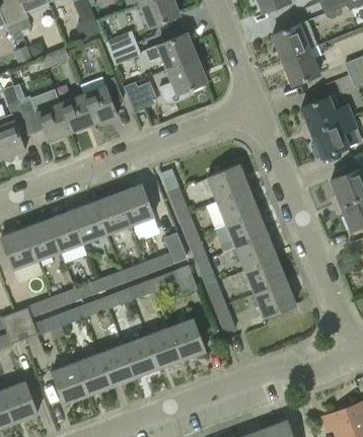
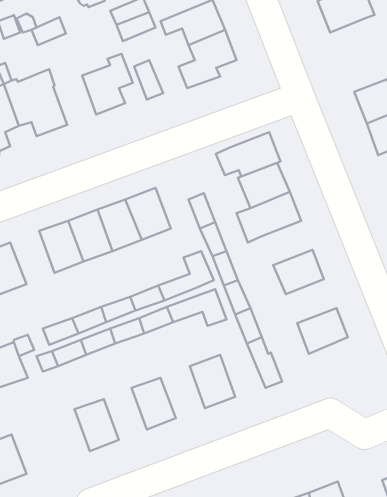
building: [281,45,321,83] -> none
building: [59,93,93,133] -> none
building: [215,210,267,245] -> [216,132,280,177]
building: [24,218,60,261] -> none
building: [245,257,286,292] -> none
building: [145,326,180,368] -> none
building: [99,344,134,385] -> none
building: [52,361,88,404] -> none

